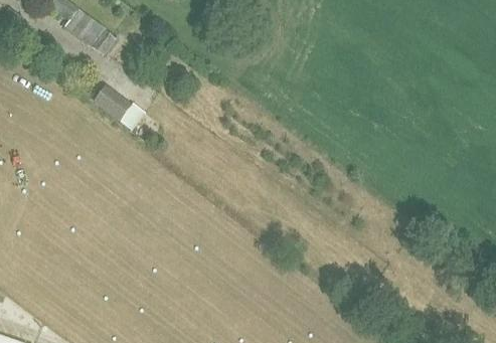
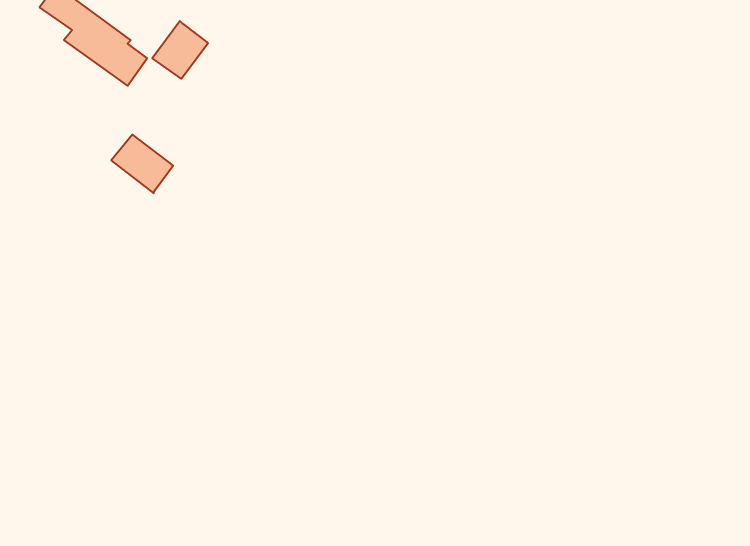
building: none -> [152,21,208,79]

